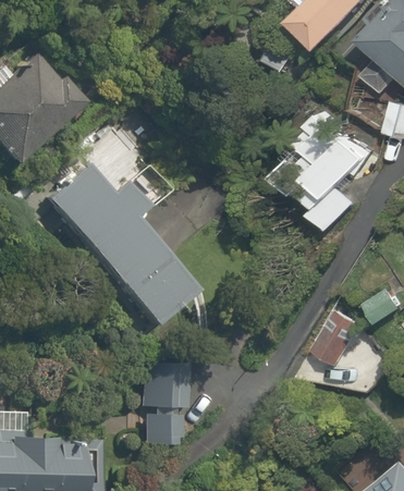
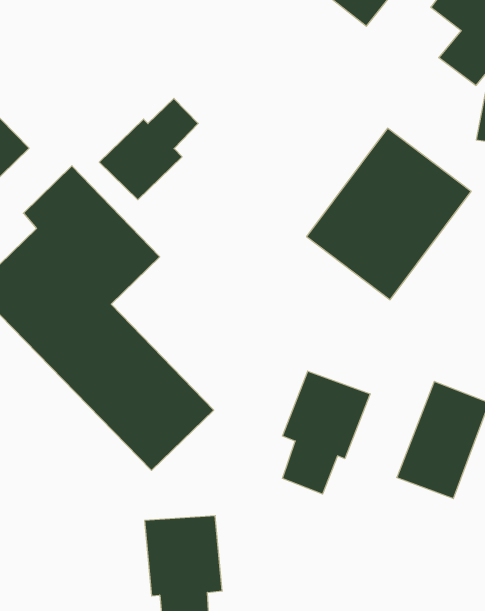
building: none -> [99,98,198,200]
building: none -> [282,371,370,494]

